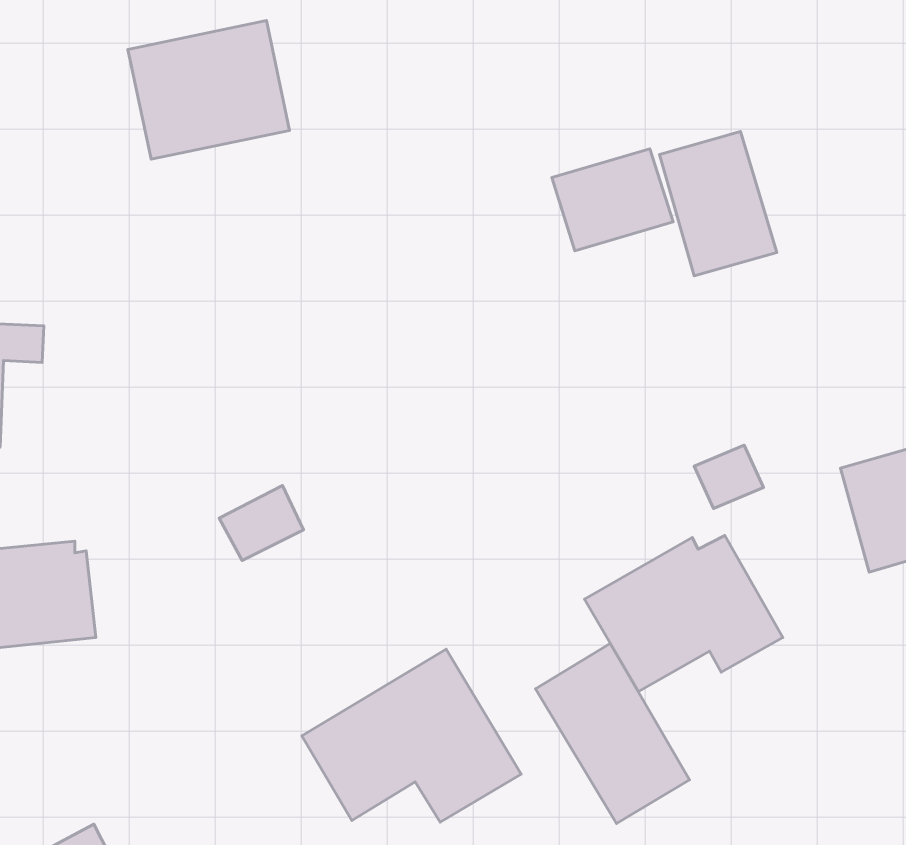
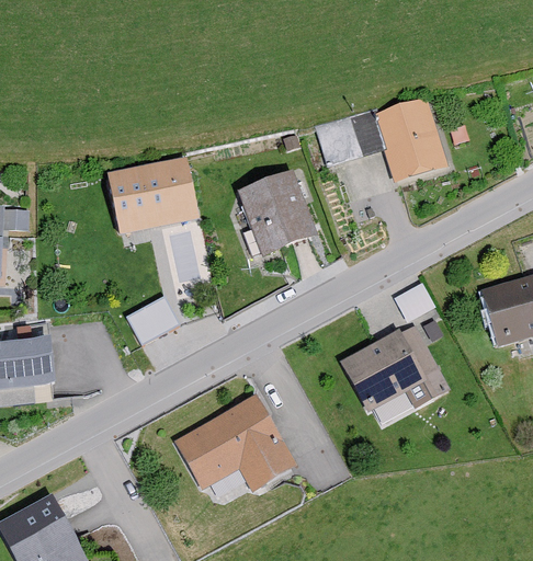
building: [128,21,290,159] -> [106,158,199,237]
building: none -> [239,170,317,252]
building: [536,644,690,824] -> none

